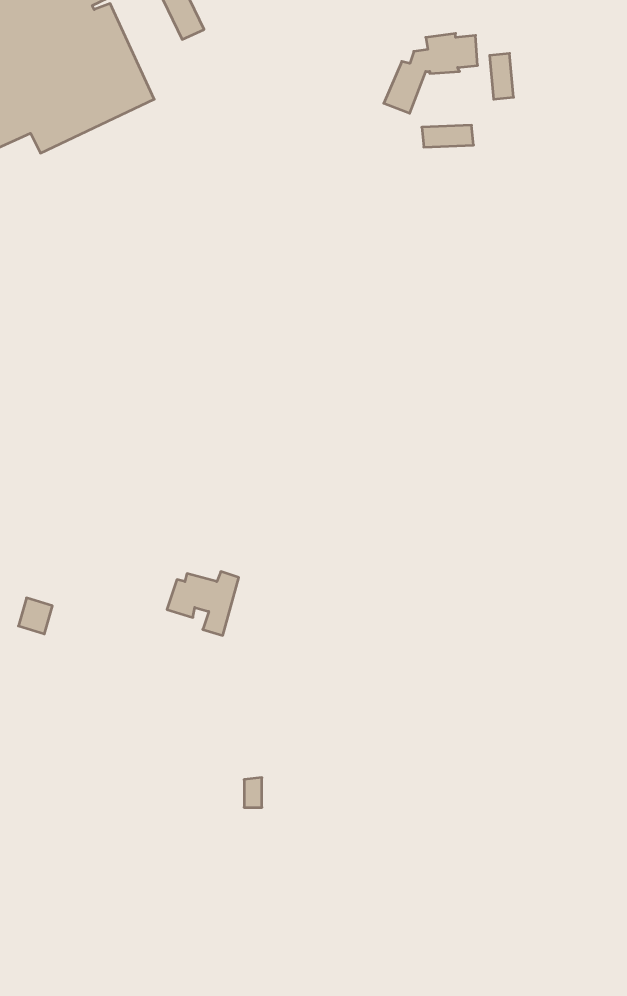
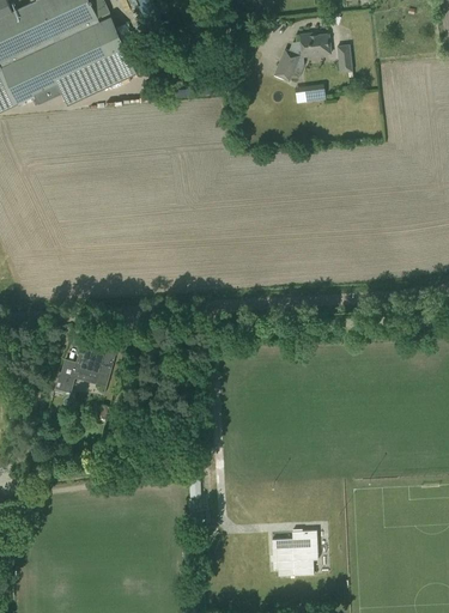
building: [167,572,239,635] -> [72,347,115,386]
building: none -> [272,530,316,576]

